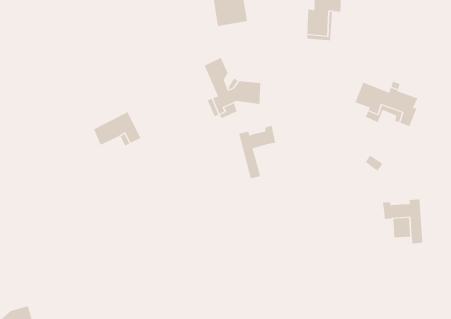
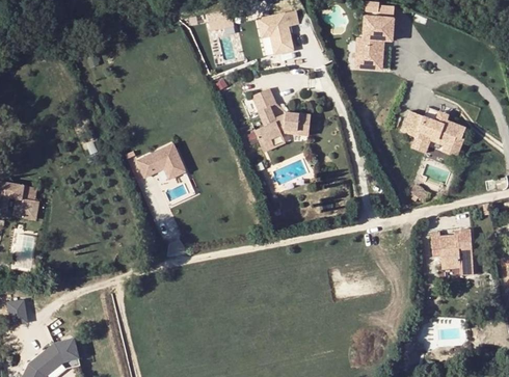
building: [239,125,276,179] -> none

